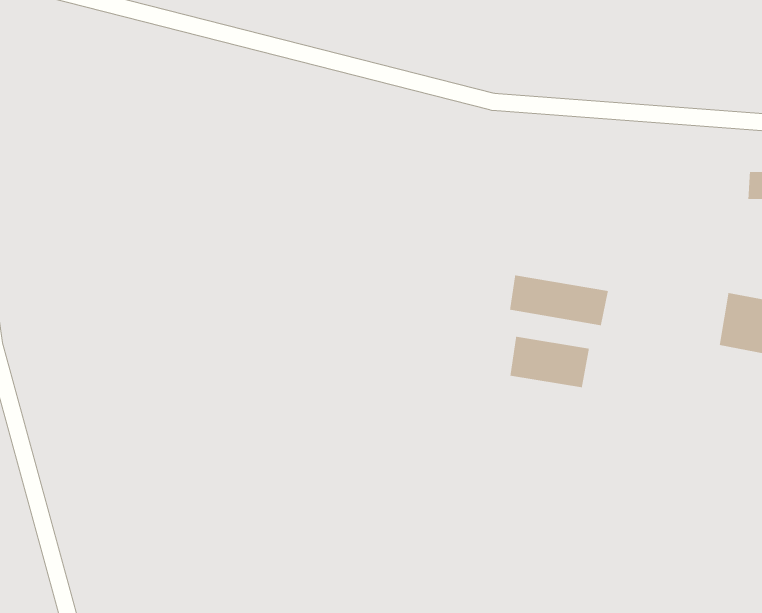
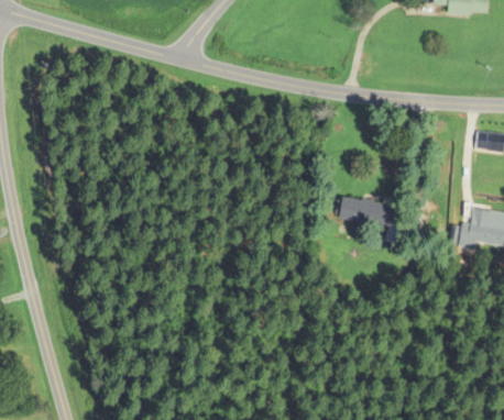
building: [509,336,590,388] -> none

